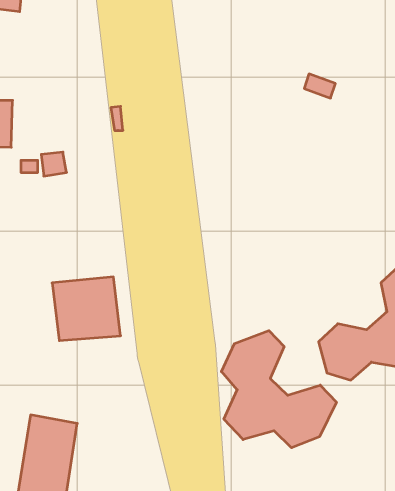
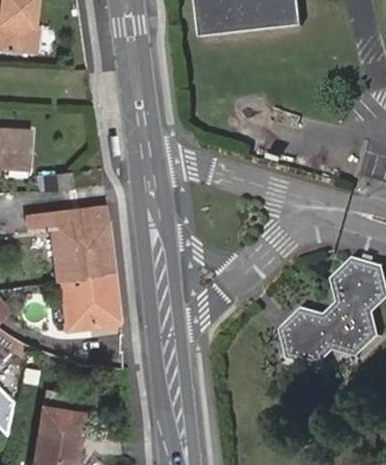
building: none -> [26,208,115,280]
building: [221,331,336,448] -> none

